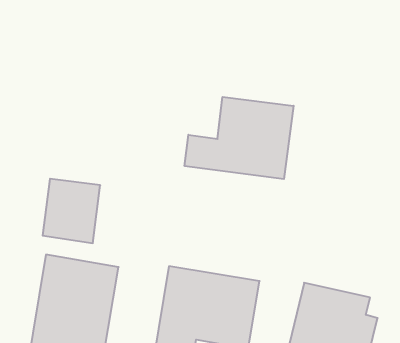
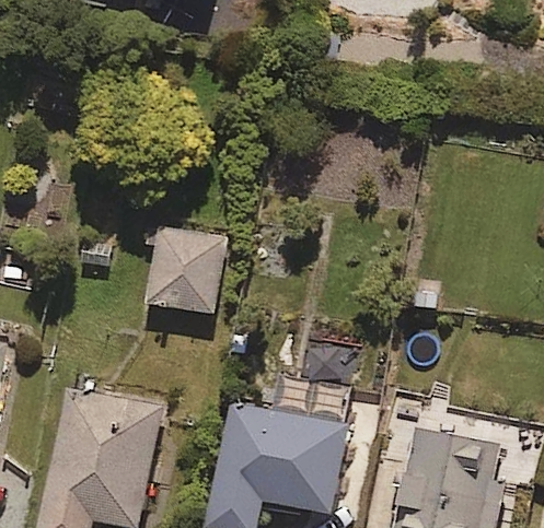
building: [185,97,294,179] -> none
building: [43,179,100,243] -> [147,227,223,313]

